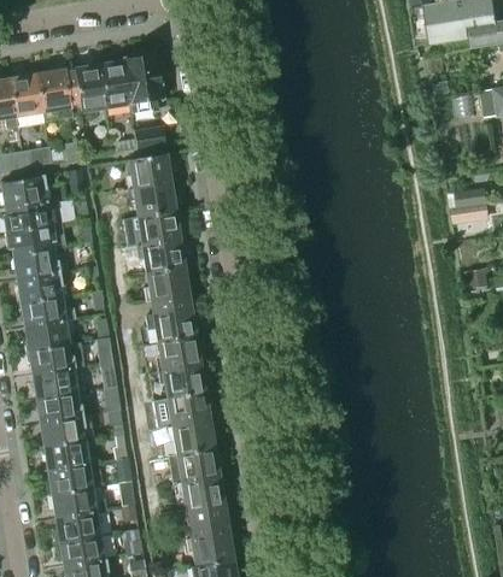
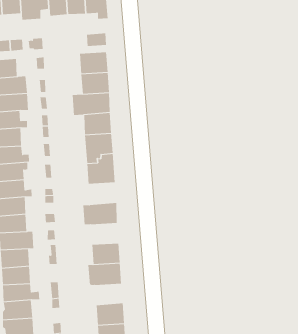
building: [158,335,201,370] -> none
building: [153,391,210,428] -> none
building: [181,476,224,510] -> none

